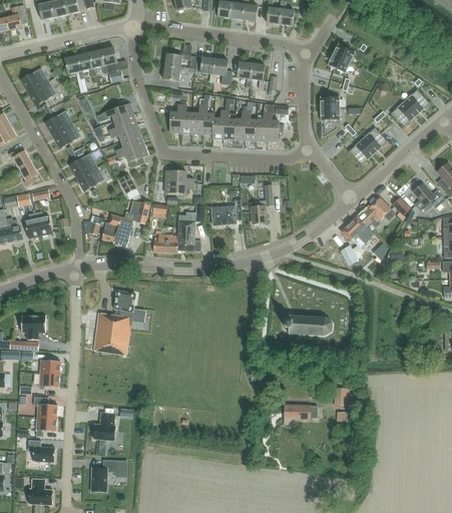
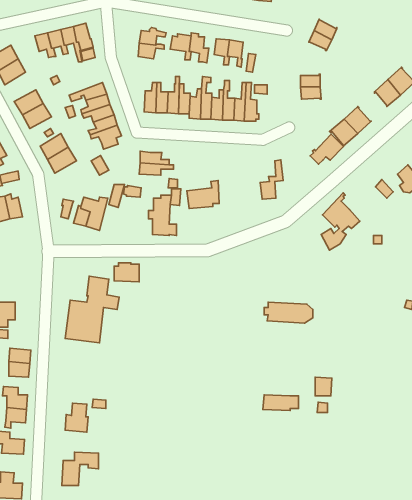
building: [251,184,273,222] -> [260,160,283,199]
building: [359,196,391,225] -> [310,134,344,164]
building: [153,233,177,251] -> [114,263,139,282]

